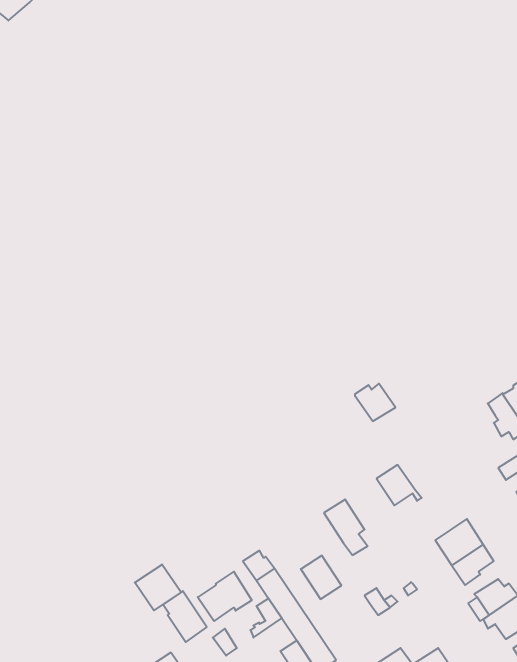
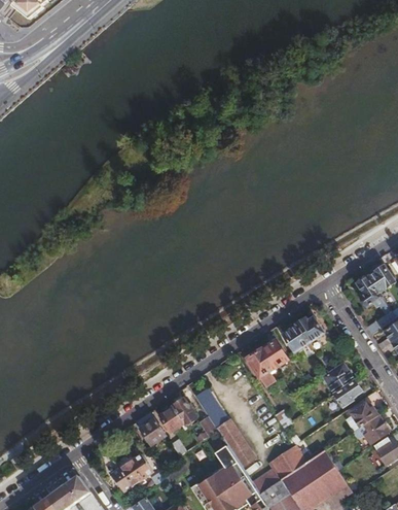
building: [355,384,395,421] -> [296,316,324,342]
building: [301,556,341,599] -> [260,339,288,369]
building: [135,564,181,610] -> none

